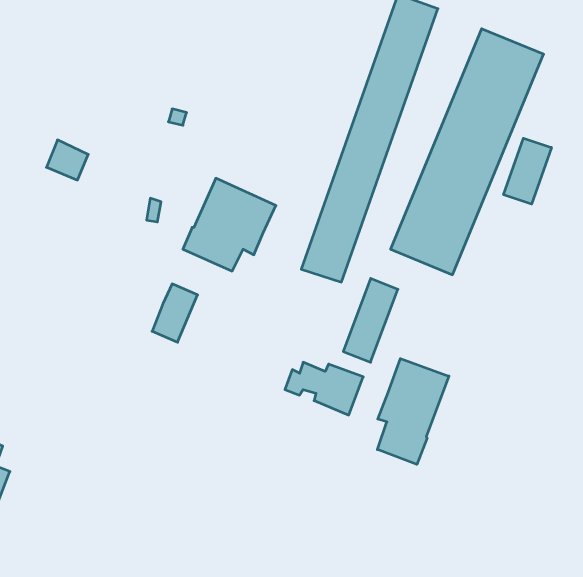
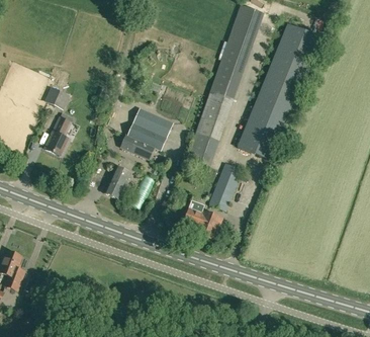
building: [504,138,551,204] -> none
building: none -> [44,115,71,155]
building: [377,359,449,464] -> none

